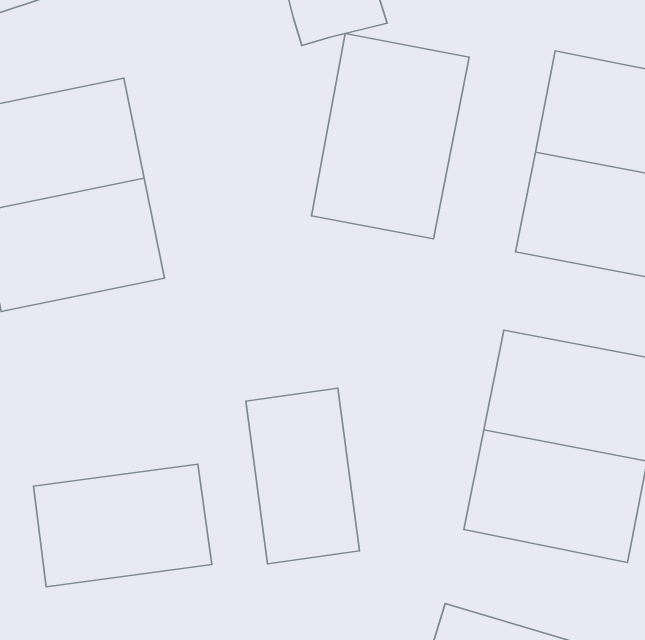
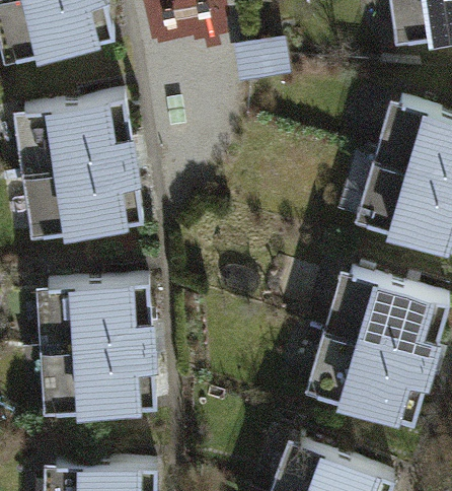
building: [311,33,469,239] -> none
building: none -> [39,282,147,352]
building: [246,388,359,564] -> none

